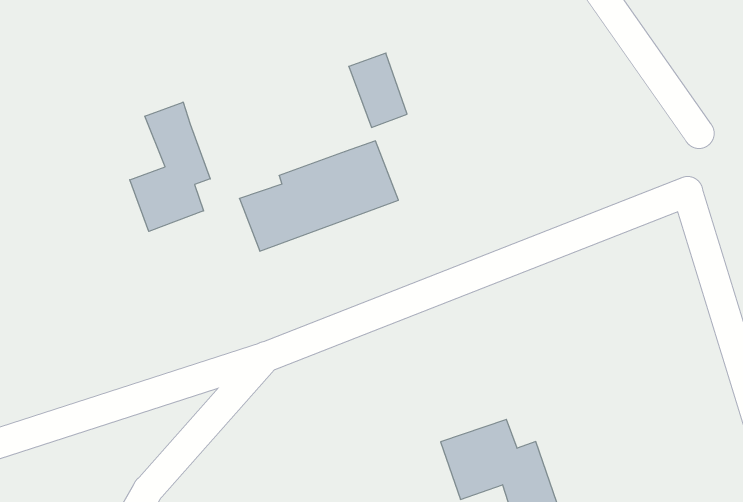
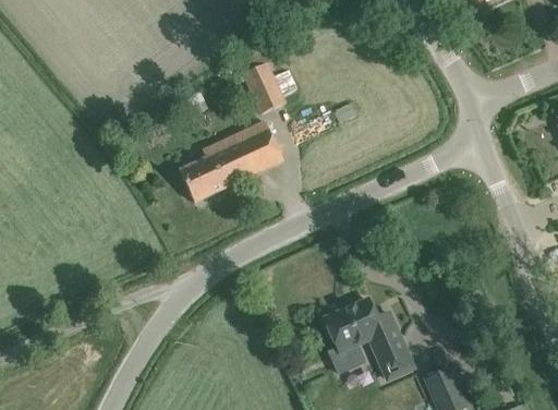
building: [130,102,210,231] -> none

